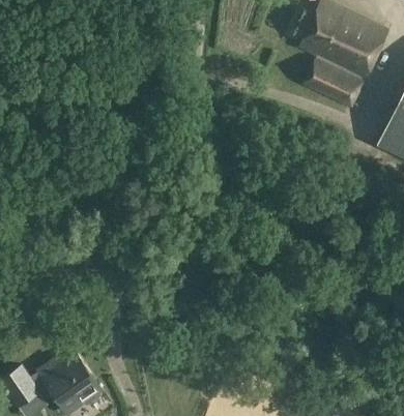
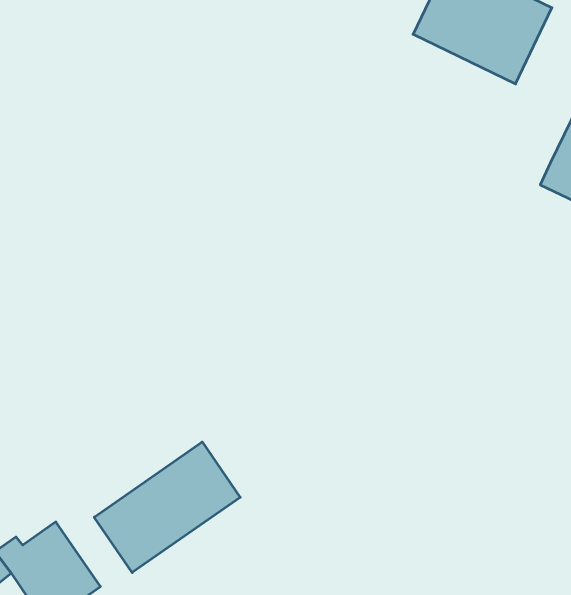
building: [302,57,364,109] -> none
building: none -> [94,442,240,573]

